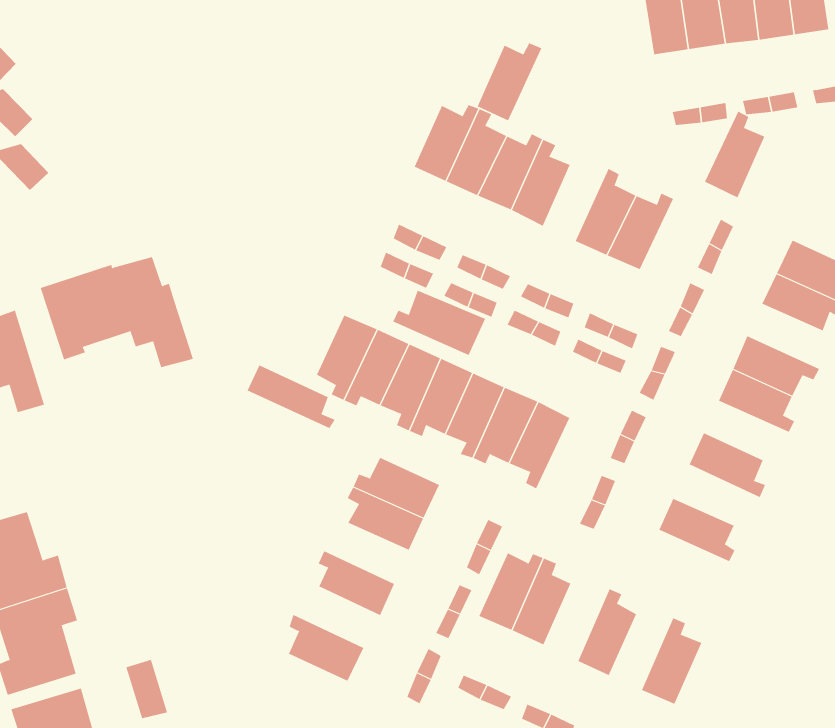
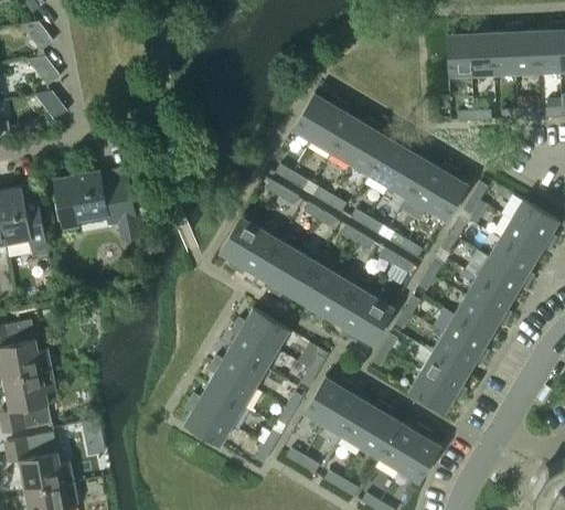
building: [477,42,542,121] -> [369,140,413,188]
building: [704,111,765,198] -> [426,168,467,222]
building: [392,290,486,356] -> none
building: none -> [488,238,535,283]
building: [247,365,335,429] -> none
building: none -> [455,296,508,336]
building: none -> [348,297,393,344]
building: none -> [431,333,486,374]
building: none -> [212,348,265,389]
building: none -> [409,372,462,413]
building: none -> [342,400,386,448]
building: none -> [189,385,243,426]
building: none -> [381,423,424,470]

